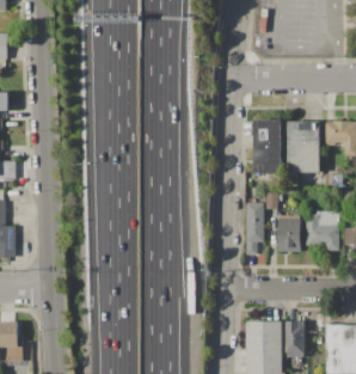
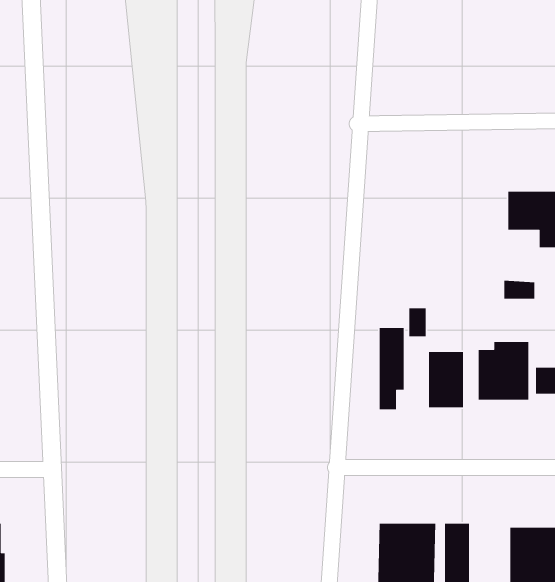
building: [253,121,282,173] -> none
building: [288,122,319,172] -> none

